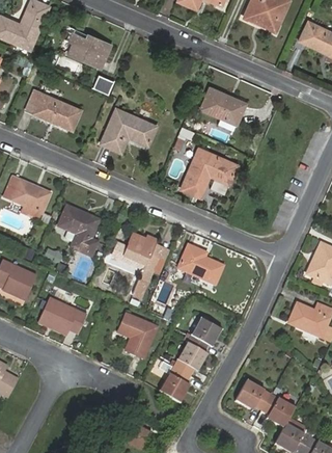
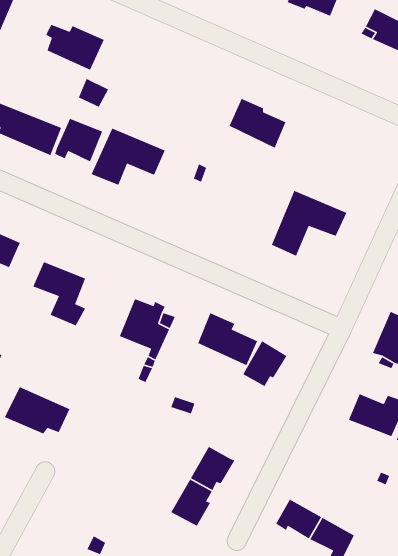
building: none -> [54,118,103,163]
building: [183,149,239,197] -> [271,190,348,257]
building: [118,312,158,358] -> none
building: [188,317,221,351] -> [242,340,288,387]

